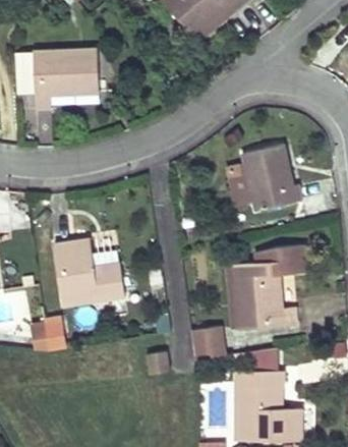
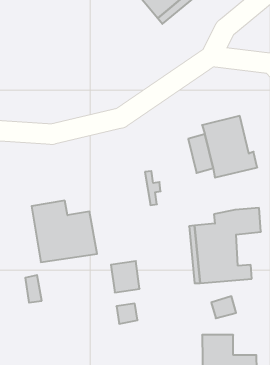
building: [32,48,98,109] -> none
building: [191,326,223,360] -> [111,261,140,292]
building: [237,372,283,408] -> none

